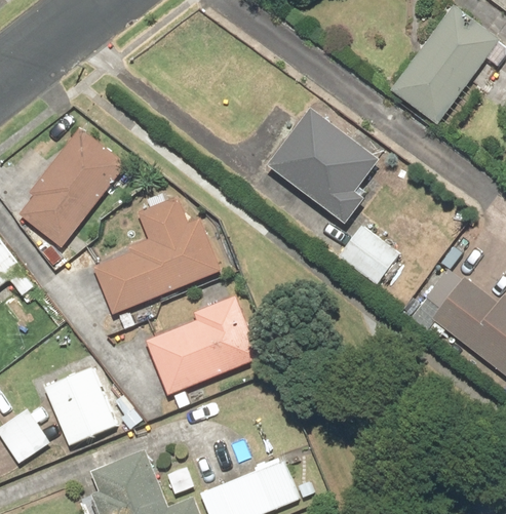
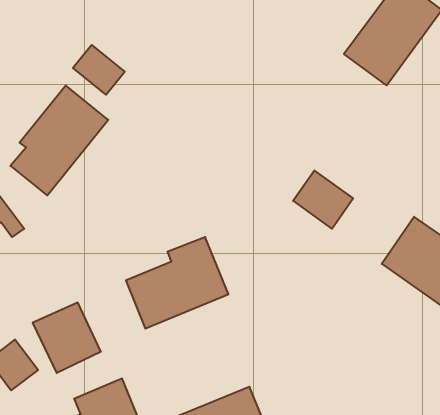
building: none -> [73,45,125,95]
building: [265,109,377,225] -> none
building: [92,198,220,315] -> none

